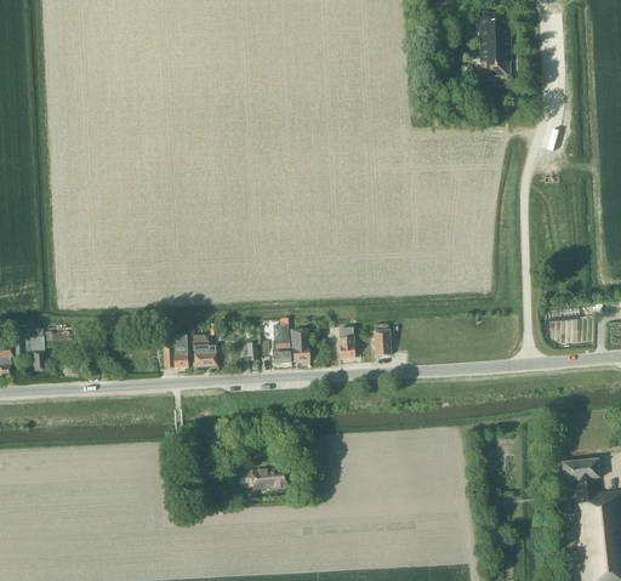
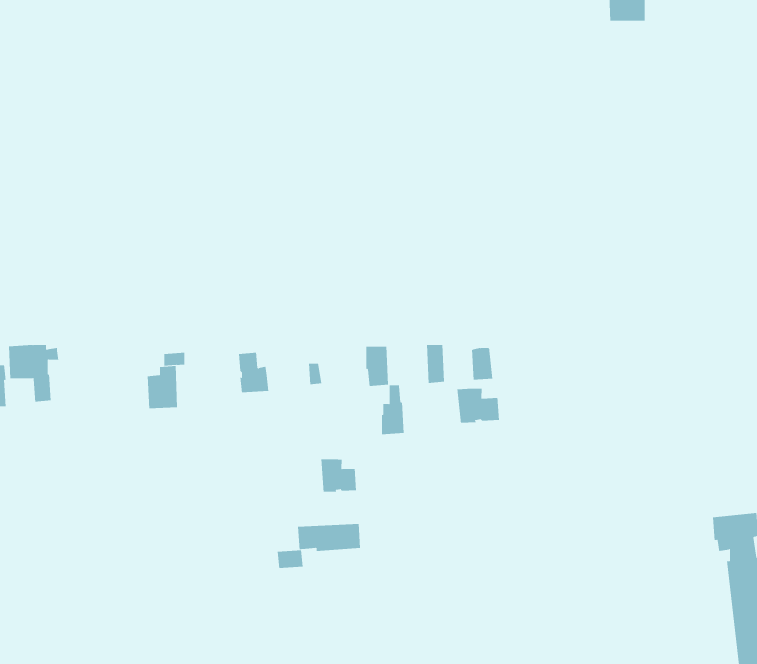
building: [274,324,292,363] -> [381,385,404,435]
building: [164,334,188,368] -> [147,365,178,409]
building: none -> [457,388,500,424]
building: none -> [321,459,356,493]

